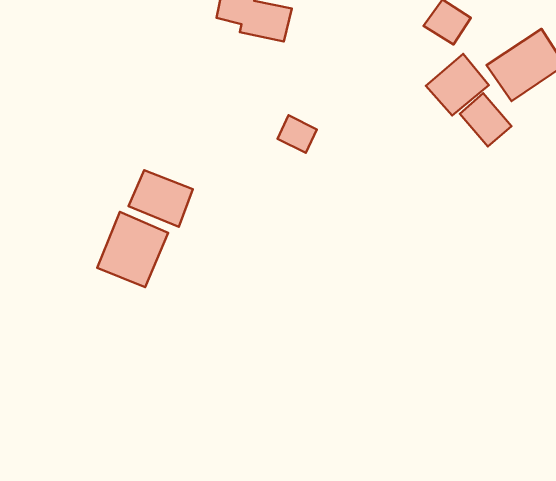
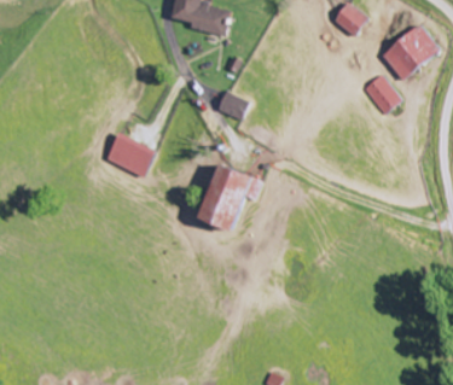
building: [426,54,489,115] -> none
building: none -> [199,163,254,231]
building: [97,212,168,287] -> none

